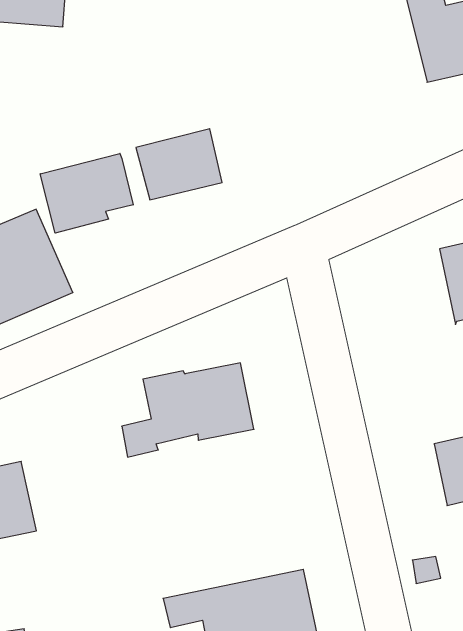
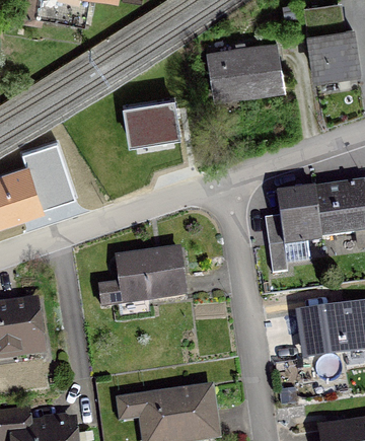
building: none -> [207,42,284,94]
building: [40,153,133,233] -> none
building: none -> [265,189,321,272]

